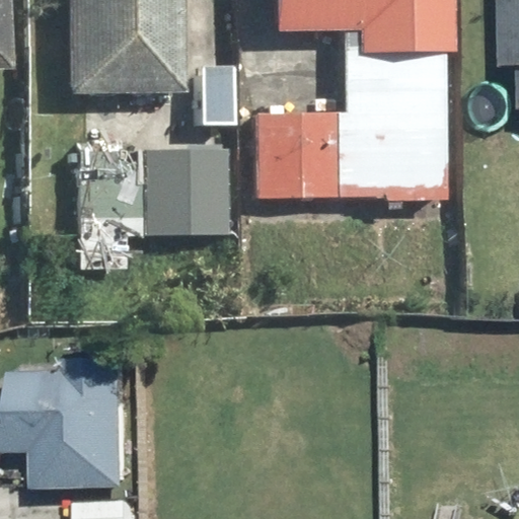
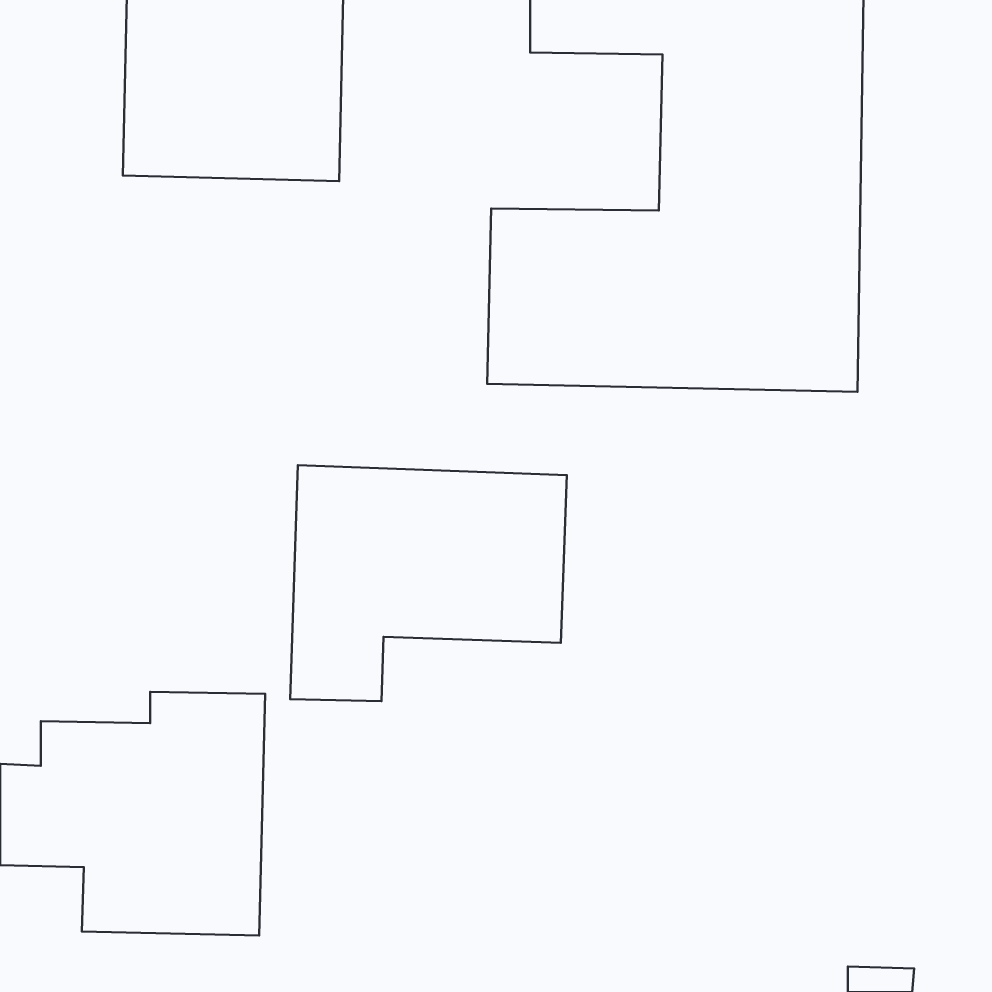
building: [80,145,224,268] -> [290,465,567,701]

